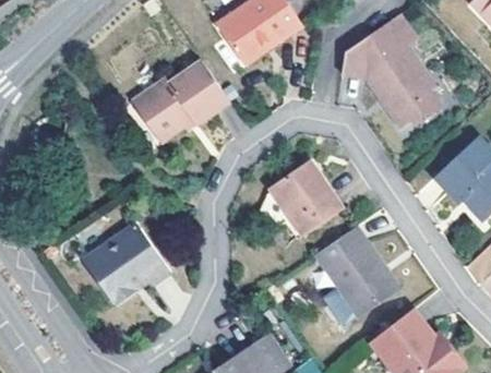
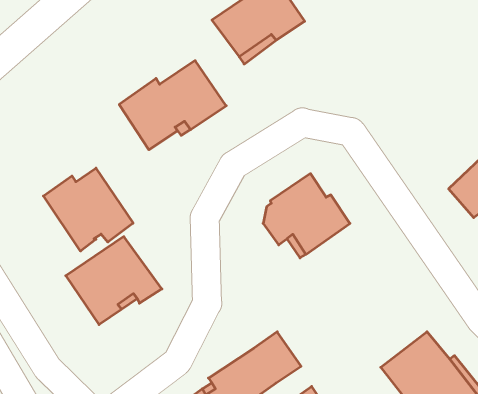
building: [342,22,443,130] -> none
building: none -> [43,168,133,251]
building: [315,228,399,320] -> none

